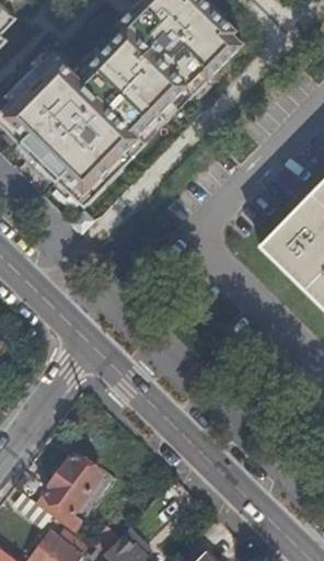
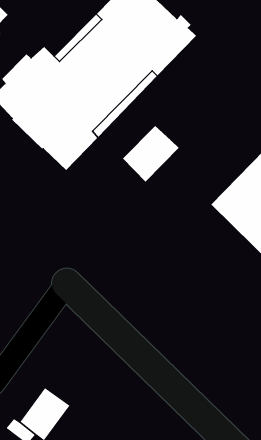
building: none -> [122,125,179,182]

